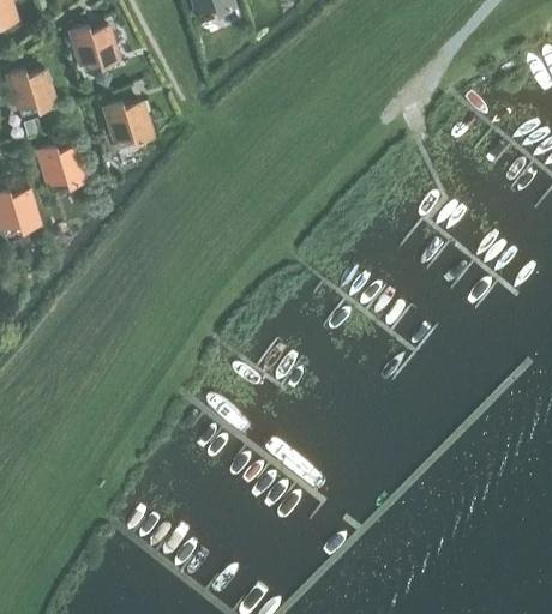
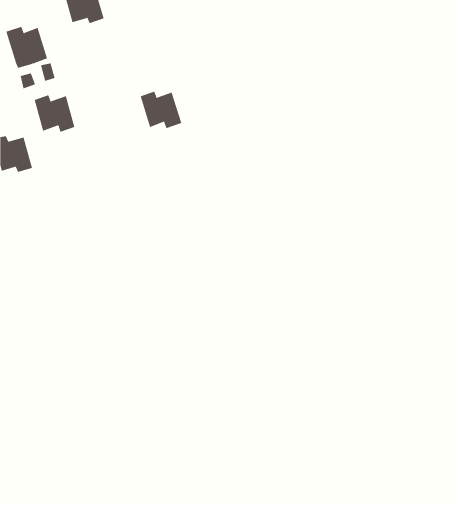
building: [104,102,151,144] -> [140,91,182,129]

